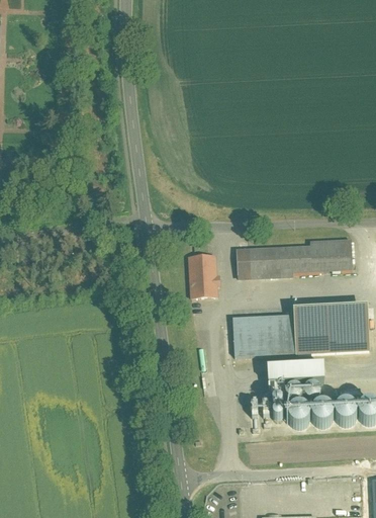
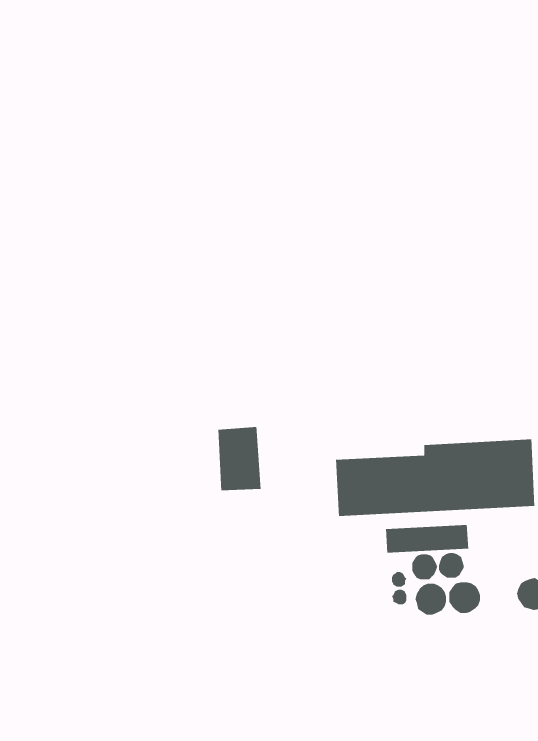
building: [236,238,353,279] -> none
building: [188,253,218,297] -> [217,426,262,491]
building: [333,399,355,421] -> none

